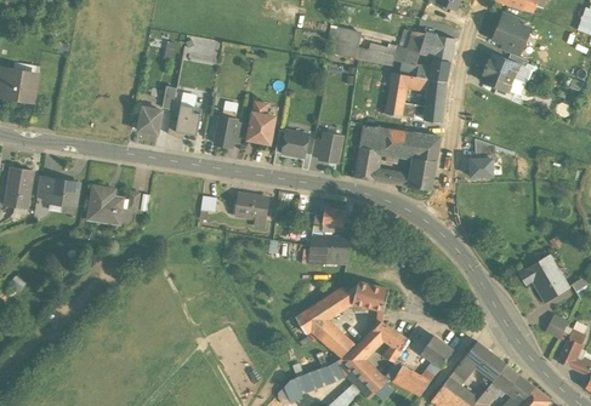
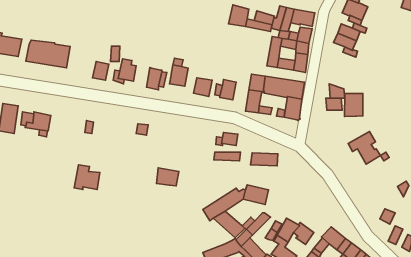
building: none -> [26,40,70,68]
building: none -> [345,94,363,117]
building: [87,187,124,222] -> [74,165,100,190]
building: [237,194,268,219] -> [157,168,179,186]
building: [308,247,347,265] -> [251,153,278,166]
building: [519,256,566,302] -> [348,132,381,164]

